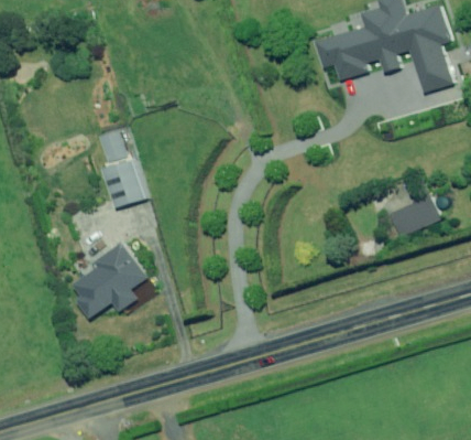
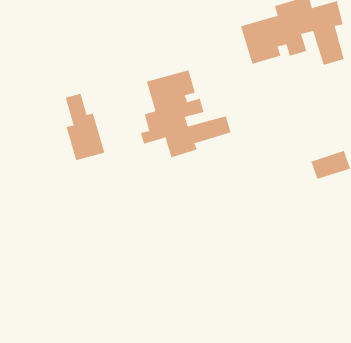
building: none -> [140,69,231,158]
building: [63,233,157,319] -> none

